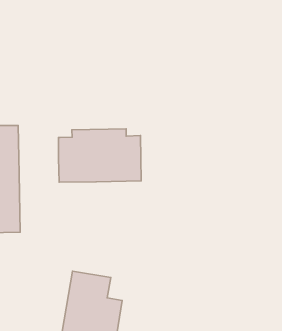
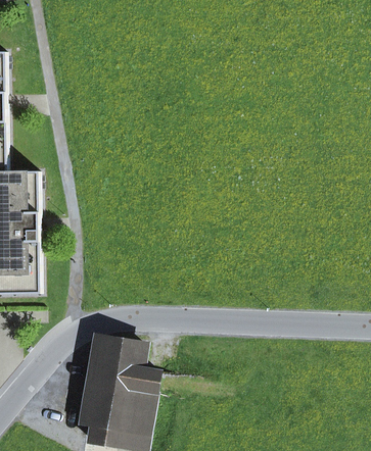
building: [58,129,141,182] -> none

